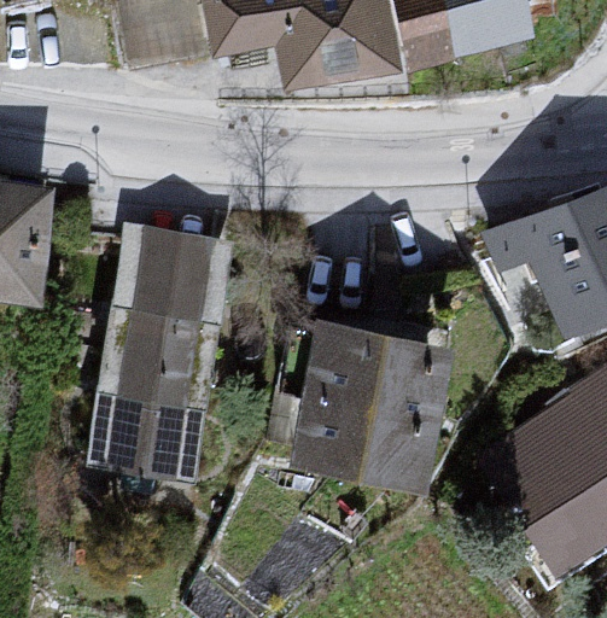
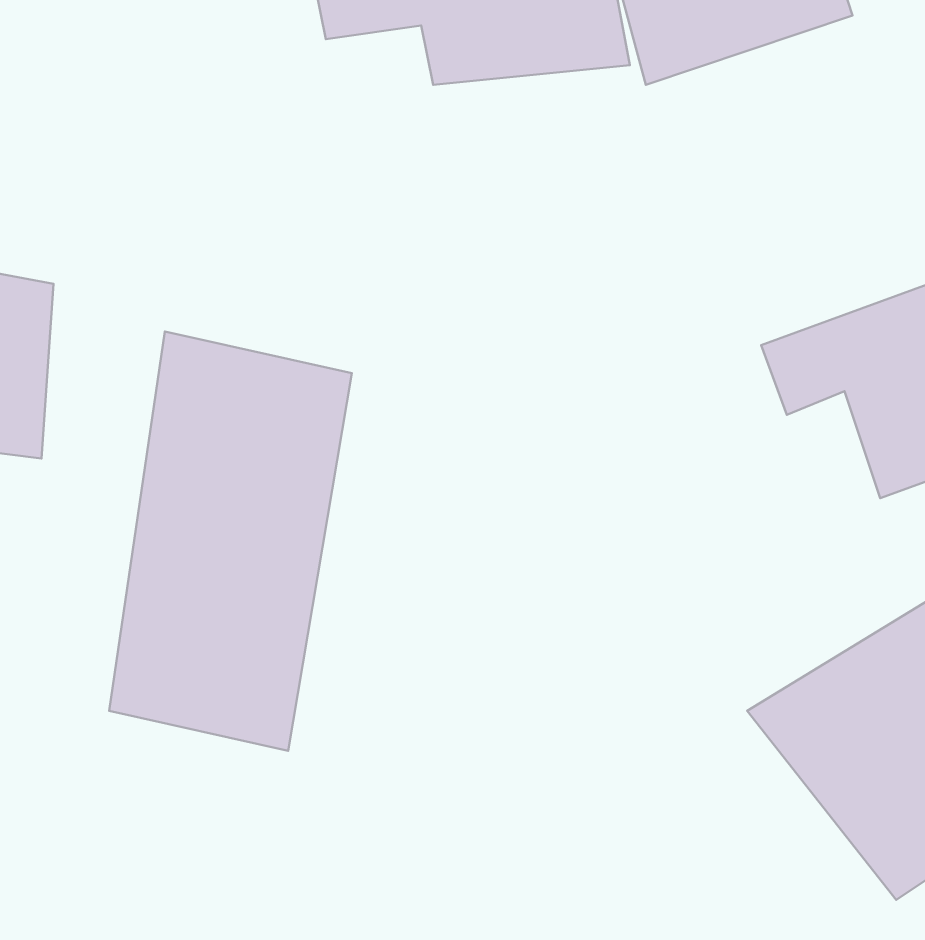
building: [299,315,459,484] -> none

